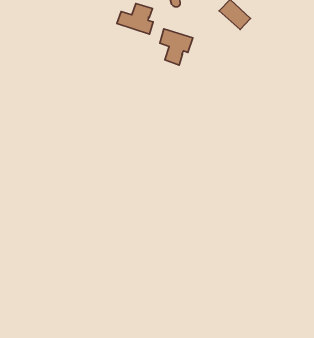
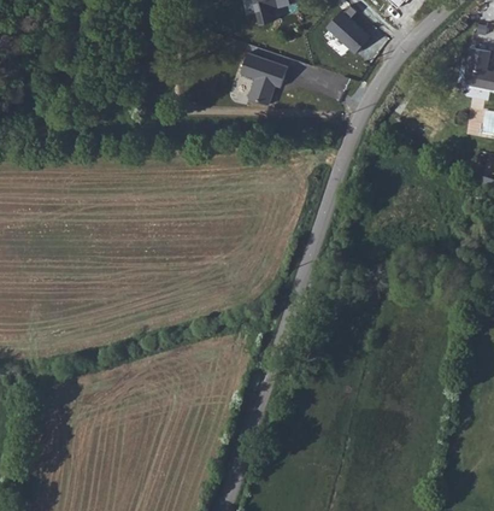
building: [117,4,153,34] -> none

